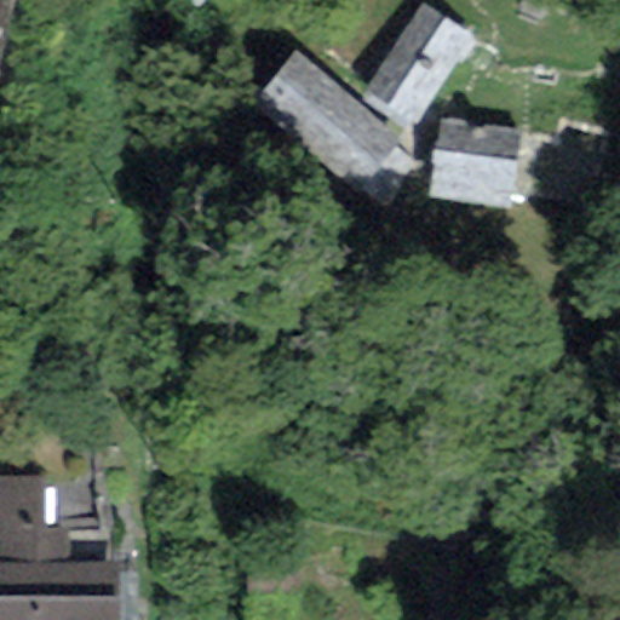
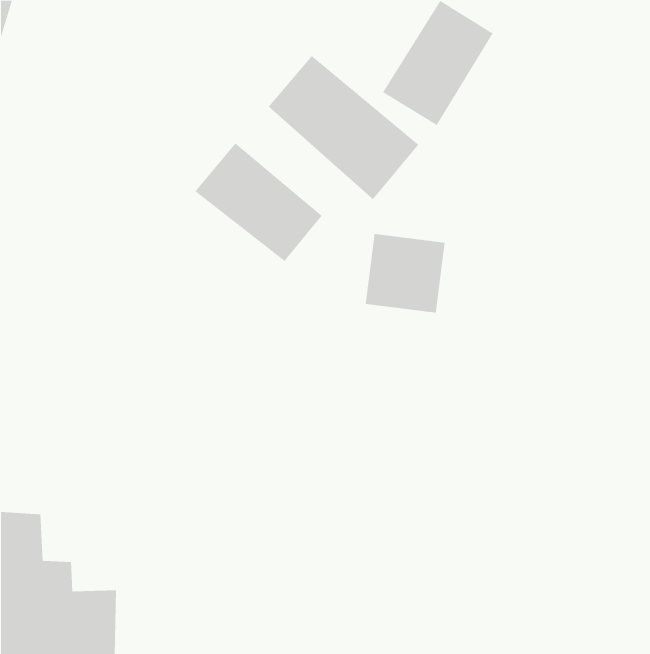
building: [441,127,517,202] -> [365,234,446,313]
building: none -> [194,142,323,262]

